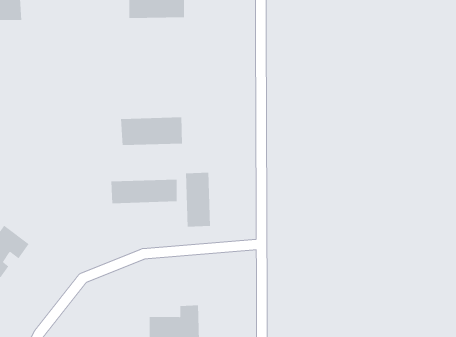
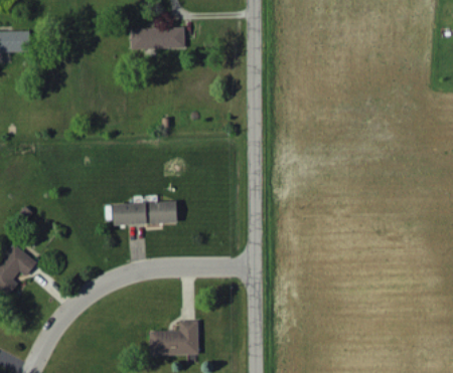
building: [120,116,182,146] -> none
building: [185,172,211,228] -> none

